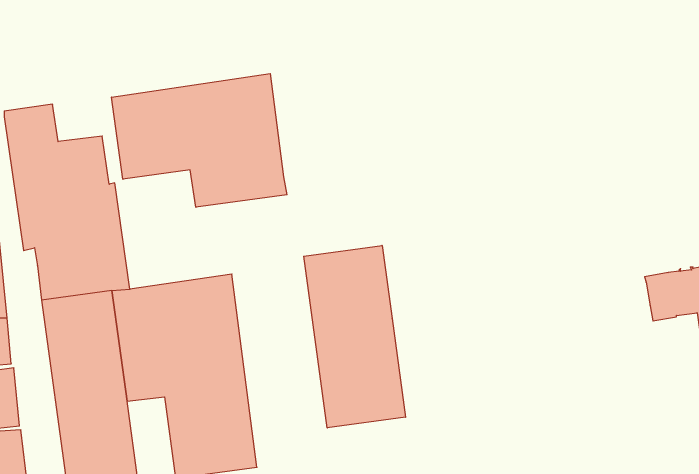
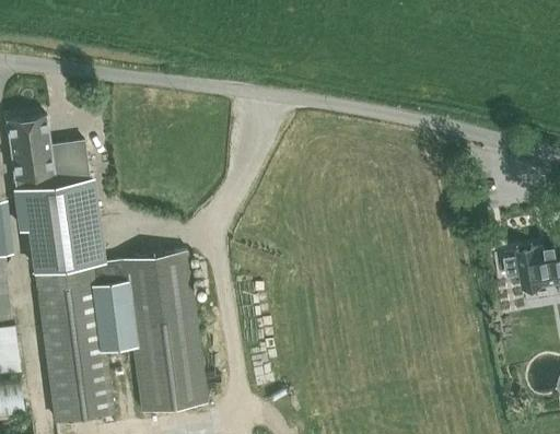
building: [112,74,287,207] -> none
building: [304,245,406,428] -> none

